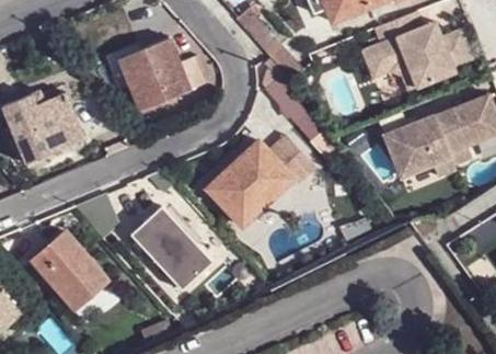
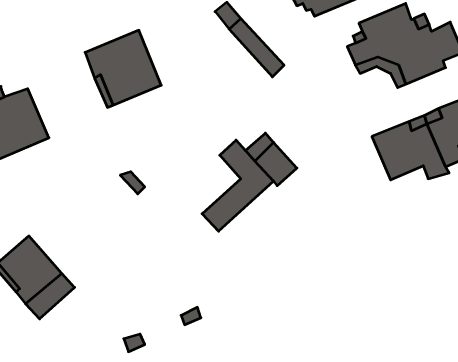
building: [206,156,263,210] -> none
building: [129,205,200,277] -> none

